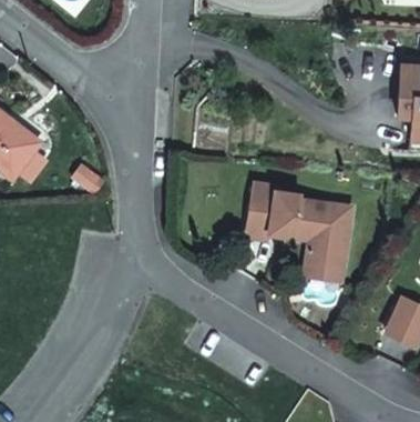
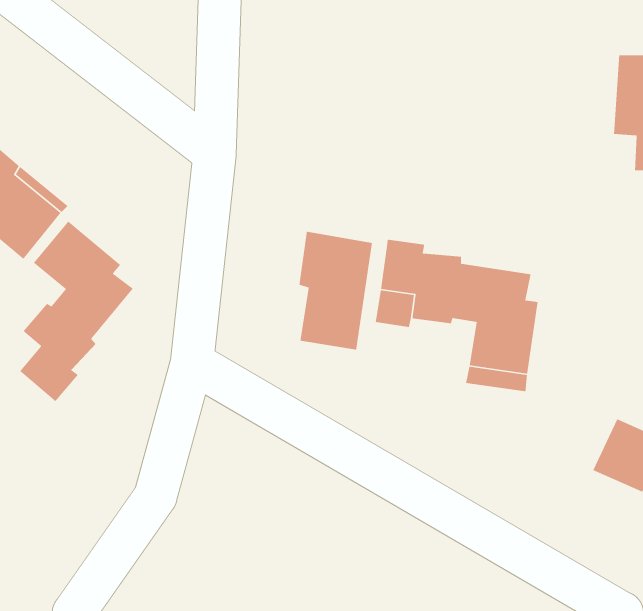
building: none -> [19,220,134,402]
building: none -> [299,231,373,350]

